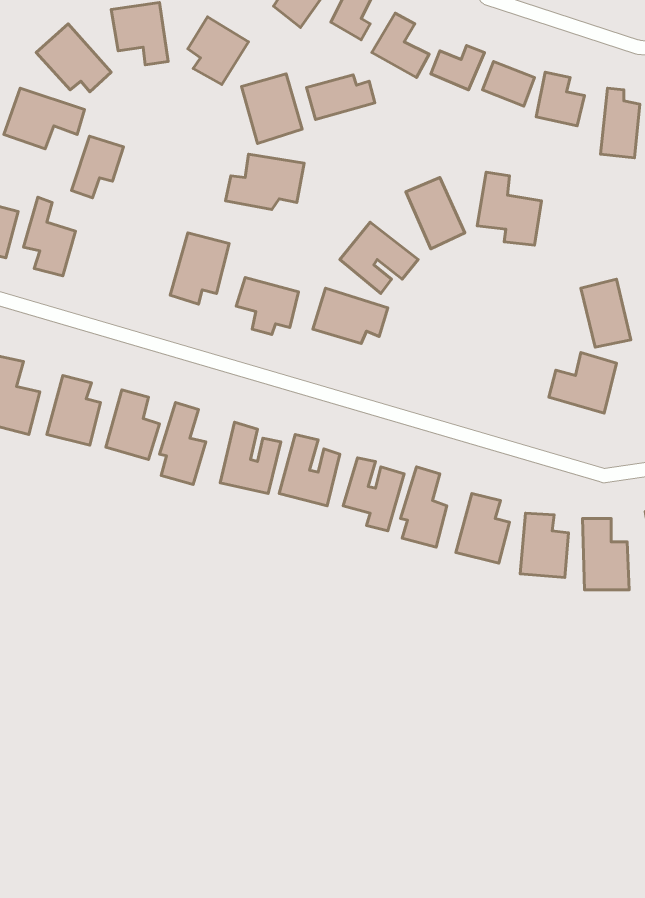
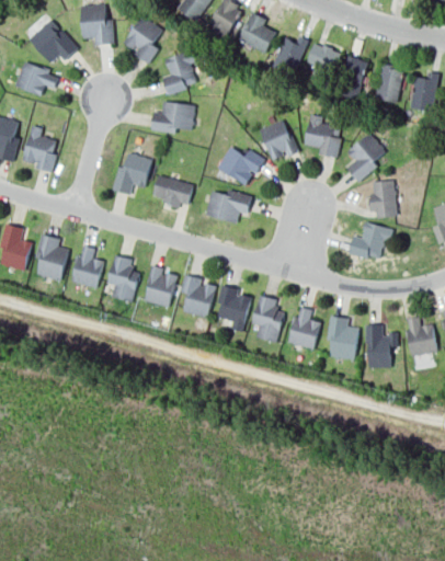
building: [306,75,375,120] -> none
building: [71,136,124,198] -> none
building: none -> [346,130,390,174]

